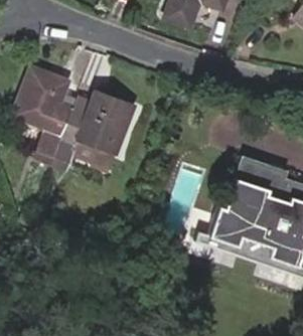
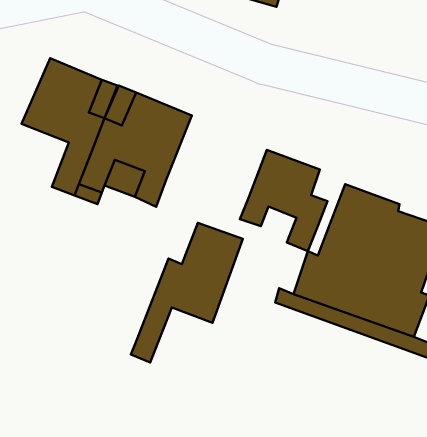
building: none -> [240,150,327,251]
building: none -> [131,223,243,363]

